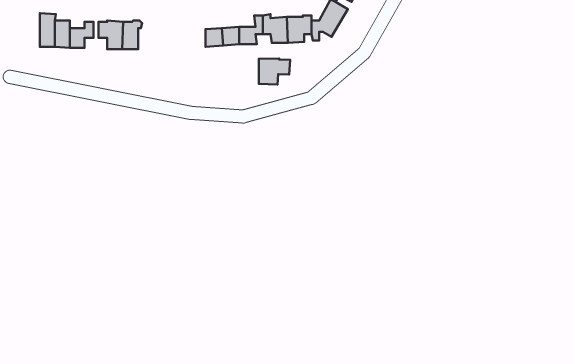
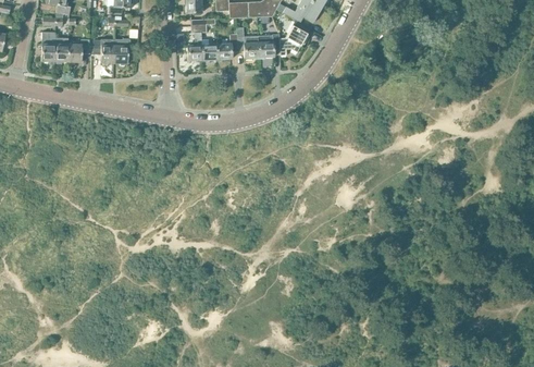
building: [259,58,290,85] -> none

